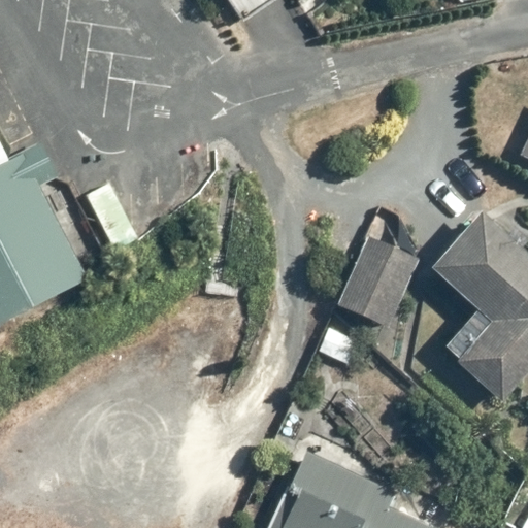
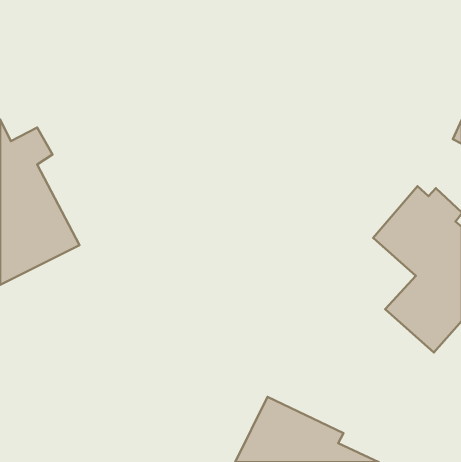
building: [336,241,414,327] -> none

